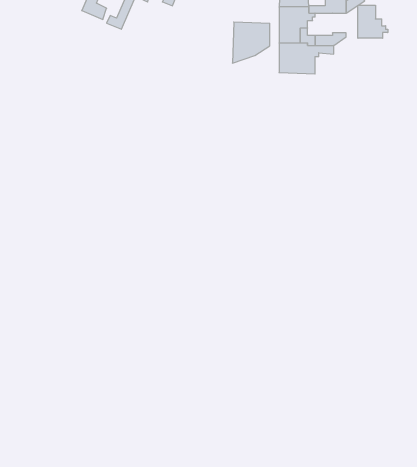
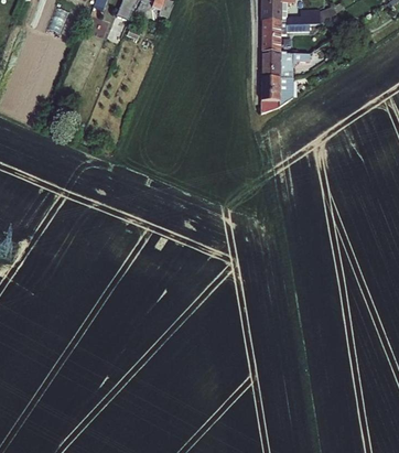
building: [358,5,388,38] -> none
building: [232,22,270,63] -> [260,76,293,112]

